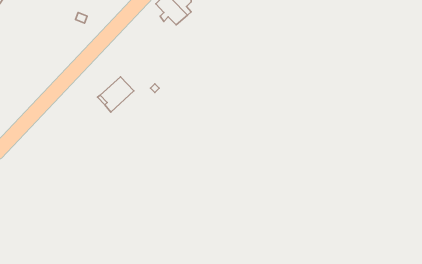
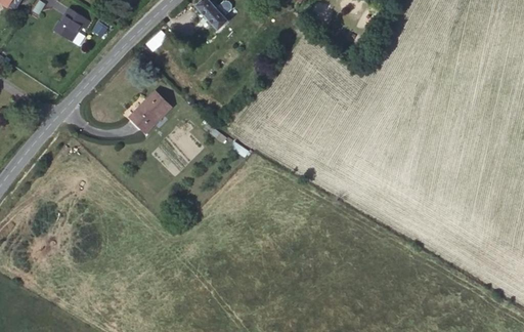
building: none -> [51,12,92,45]

